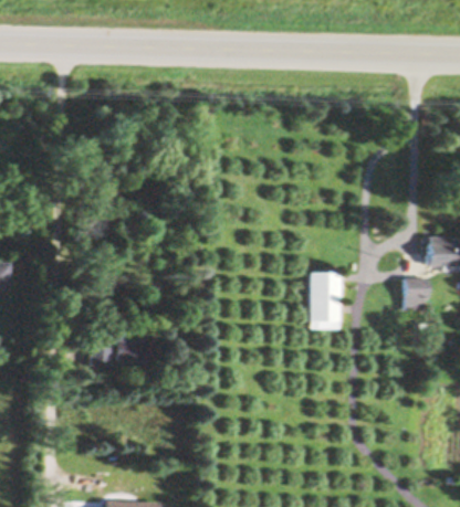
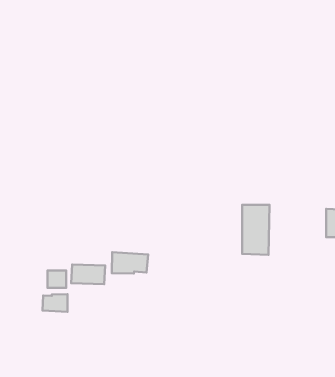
building: none -> [112,252,148,274]
building: none -> [42,294,67,312]

